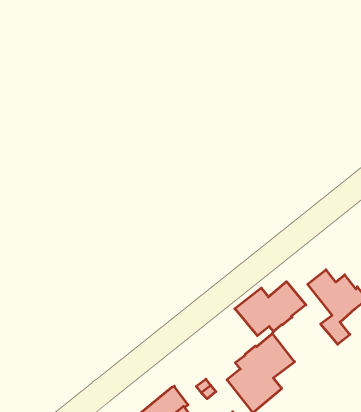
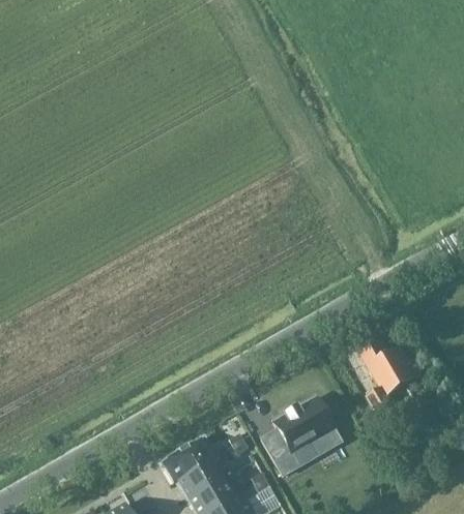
building: [235,282,306,336] -> none

